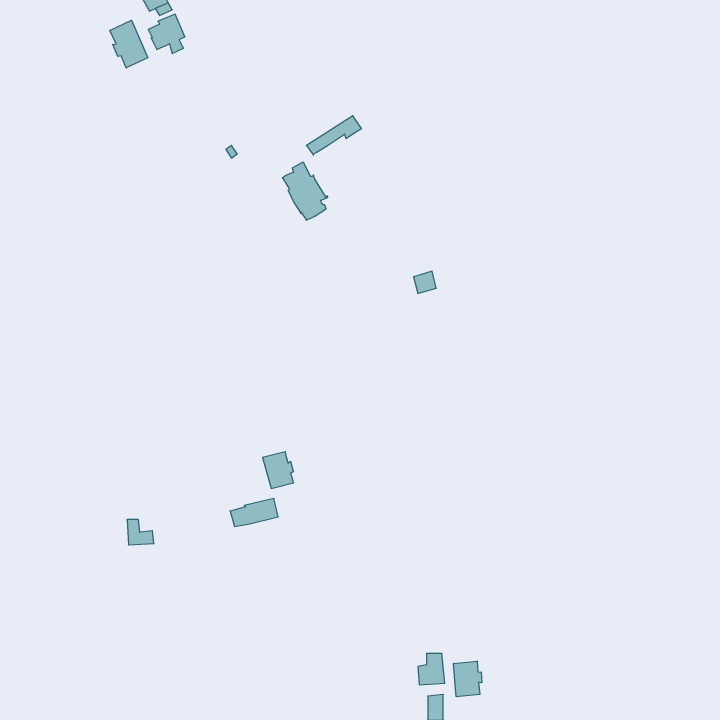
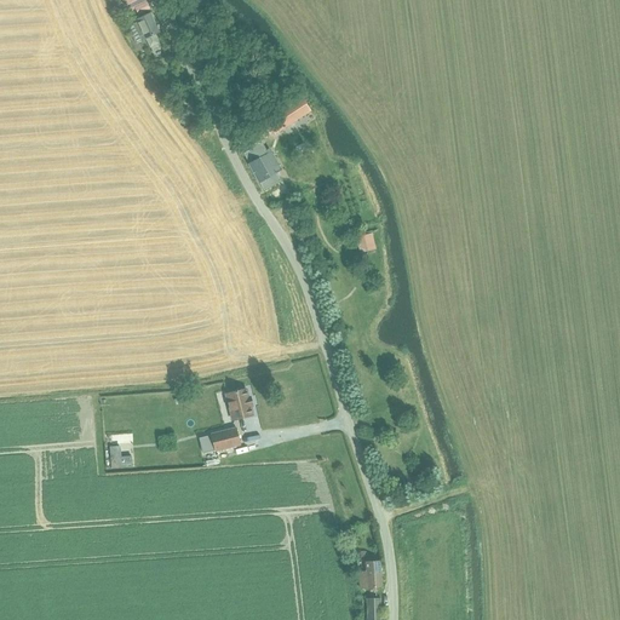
building: [110,20,148,68] -> none
building: [454,661,482,697] -> none

